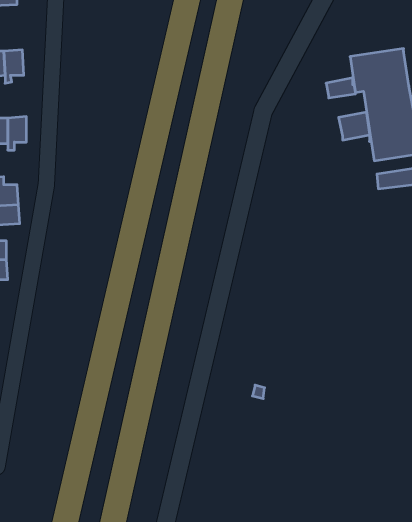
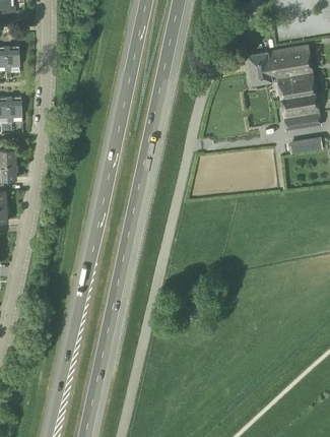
building: [339,112,371,141] -> [247,51,271,73]

